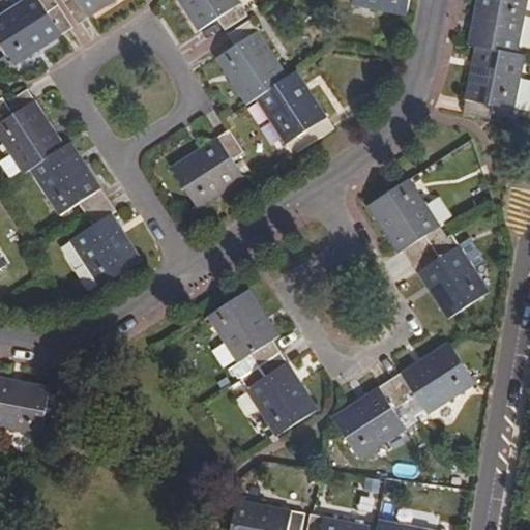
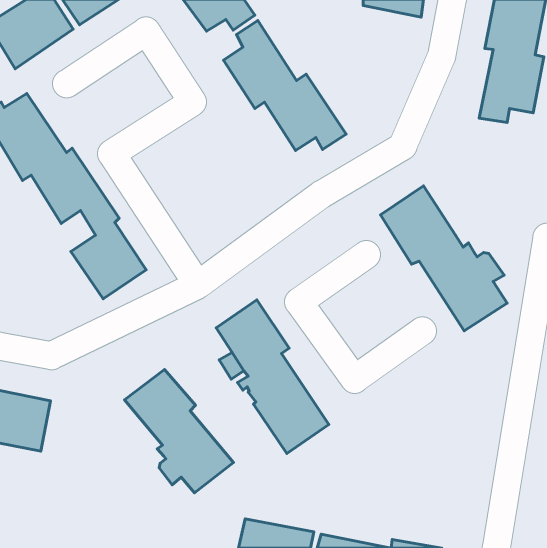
building: [171,129,244,209] -> none
building: [331,342,475,460] -> none
building: none -> [125,370,234,493]

